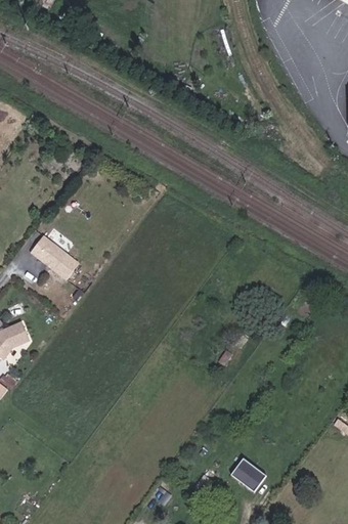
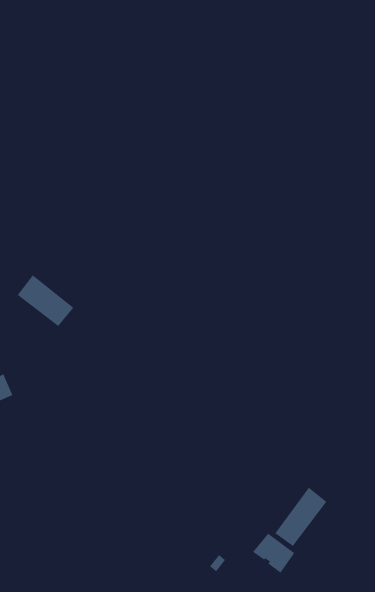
building: none -> [274,487,327,547]

